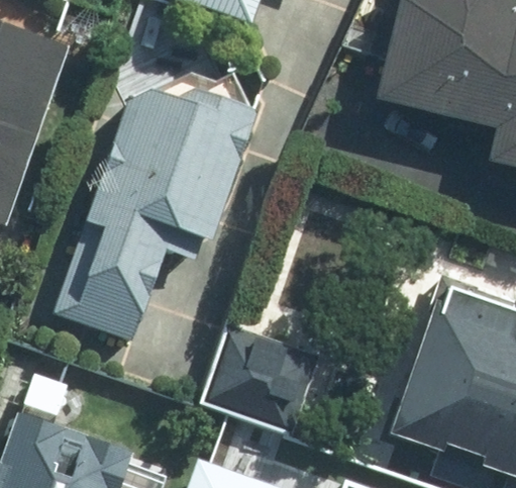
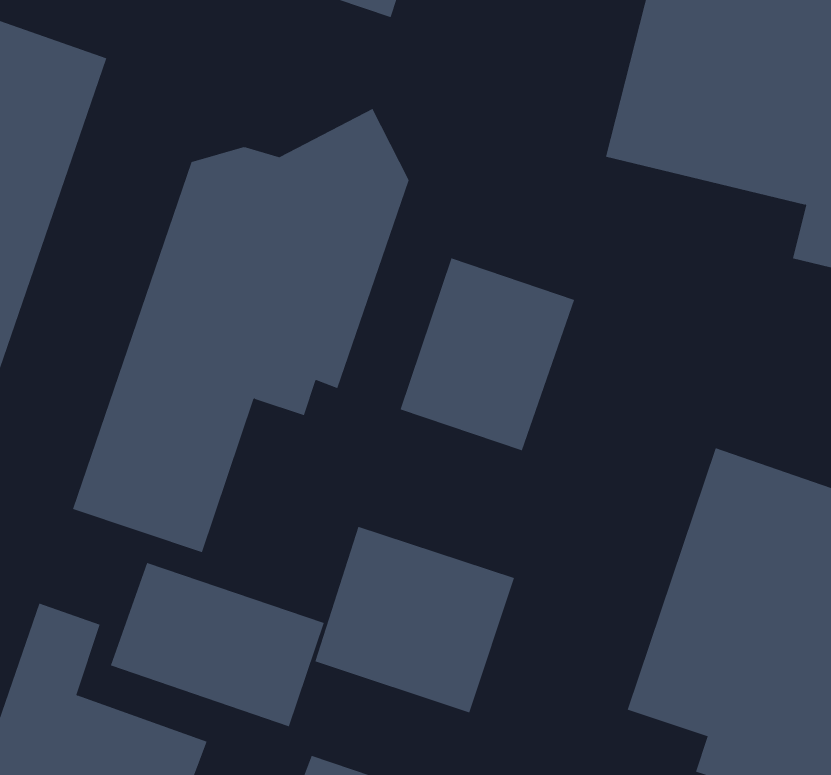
building: none -> [400,257,575,451]
building: none -> [110,562,324,727]

